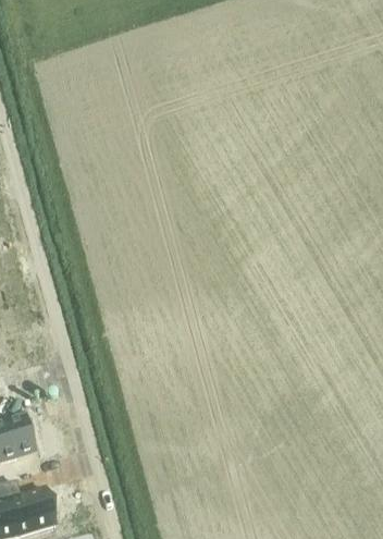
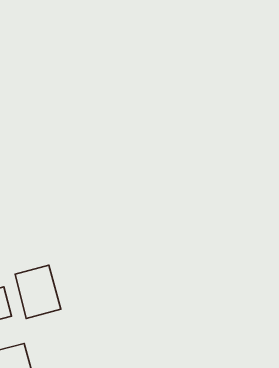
building: none -> [15,265,61,318]

